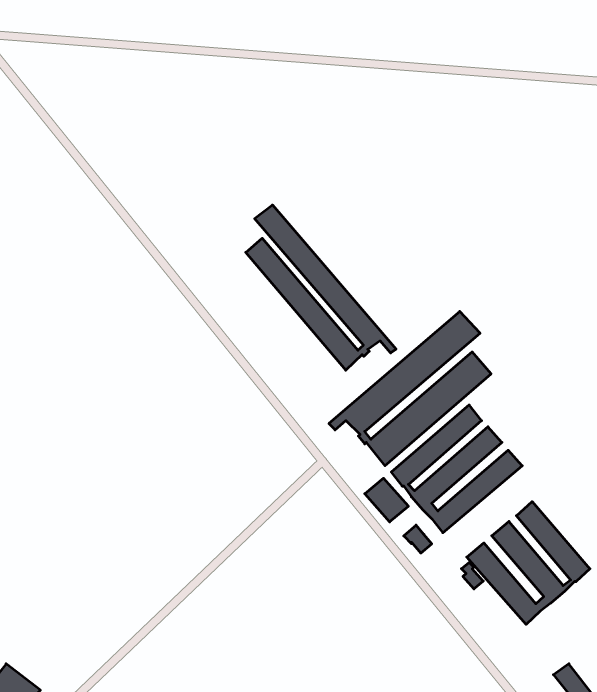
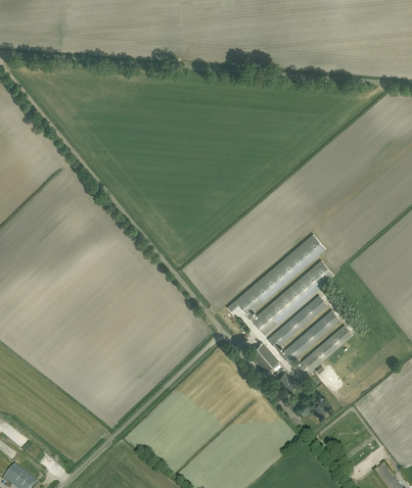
building: [246,205,396,370] -> none
building: [467,502,590,624] -> none

